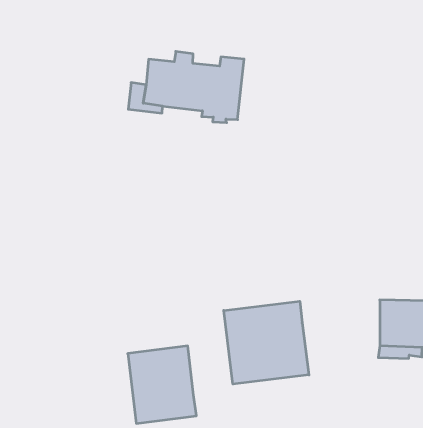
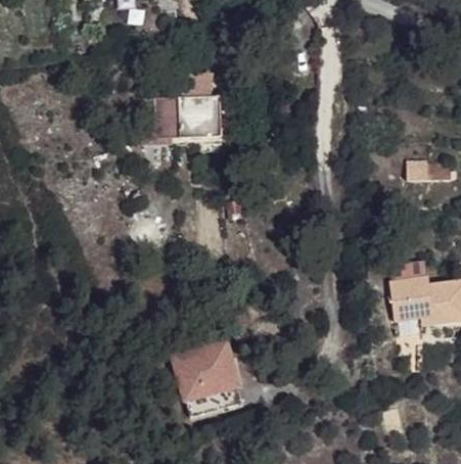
building: [224,301,309,384] -> none

